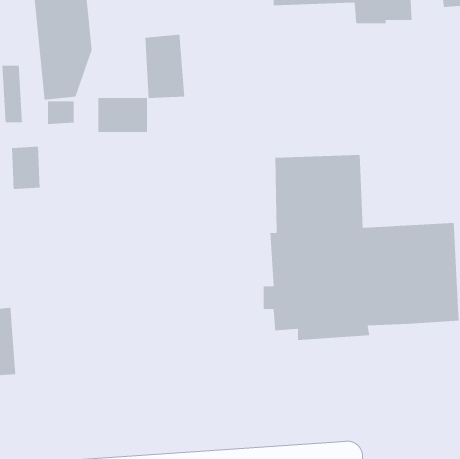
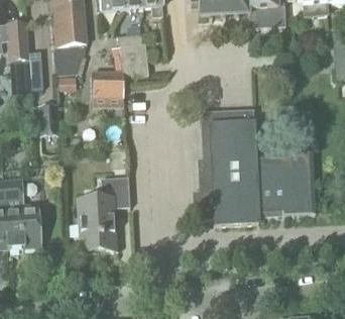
building: none -> [78,176,131,253]

